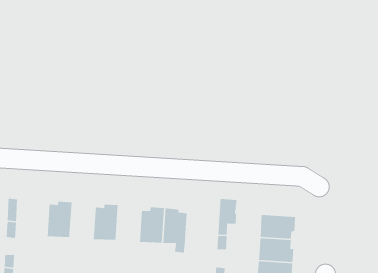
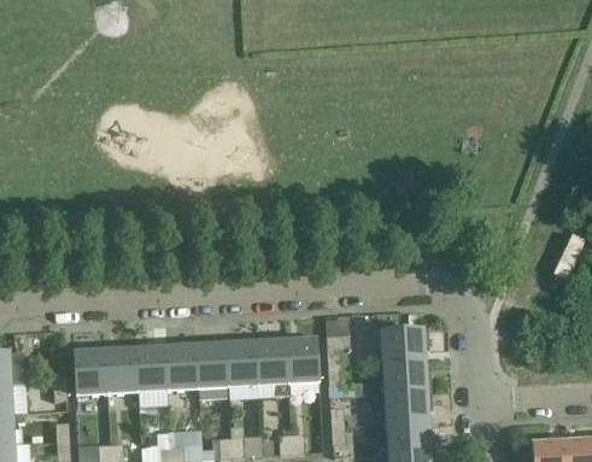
building: none -> [74,347,107,396]
building: none -> [135,344,168,392]
building: none -> [195,340,228,388]
building: none -> [286,335,320,382]

